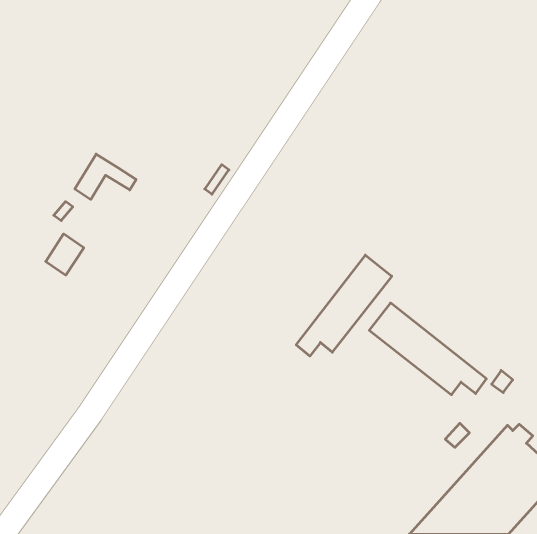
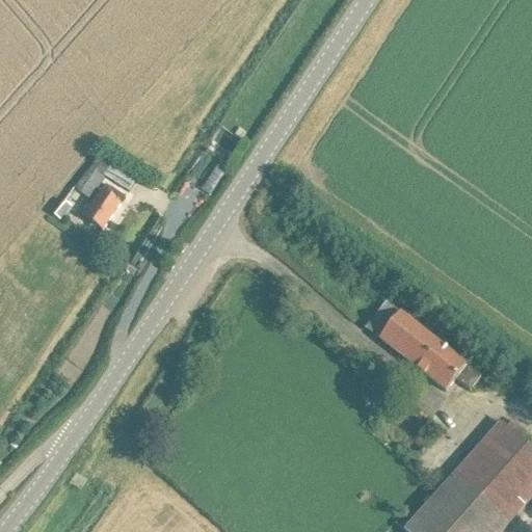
building: [46,234,84,275] -> [84,187,122,228]
building: [296,255,392,356] -> none

